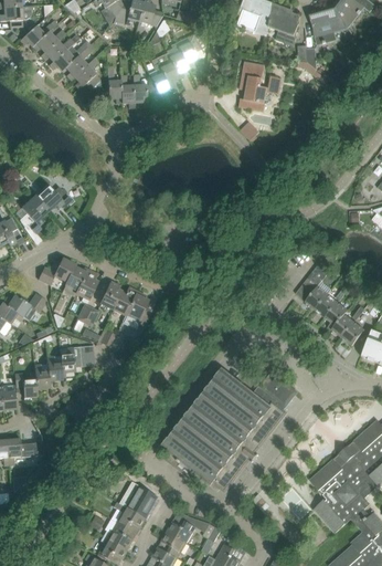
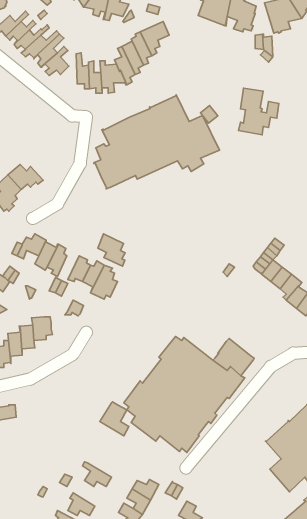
building: [238,61,282,111] -> [238,88,279,135]
building: none -> [94,95,219,189]
building: none -> [98,234,125,266]
building: [119,481,150,517] -> [100,402,129,436]
building: [104,517,132,548] -> none

